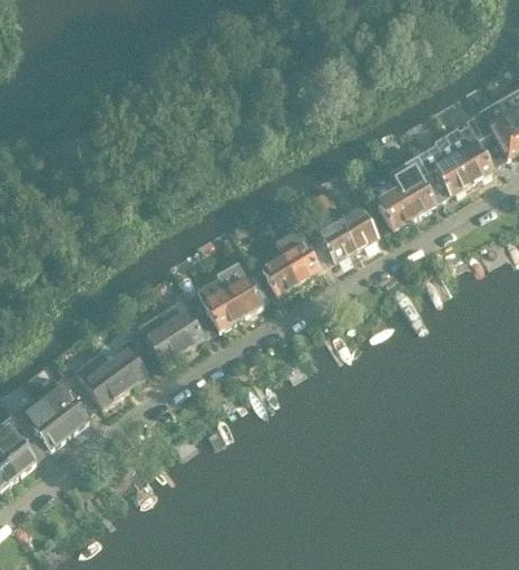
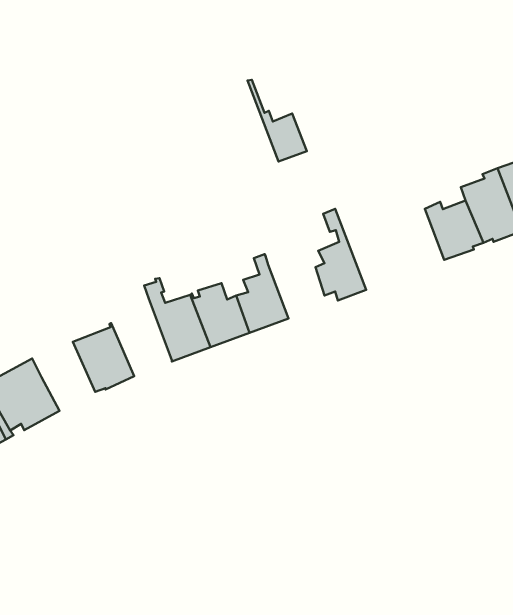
building: [370,178,413,228] -> none
building: [320,189,376,250] -> [247,80,307,162]
building: [274,228,323,284] -> none
building: [157,287,210,351] -> none
building: [99,330,154,389] -> none

